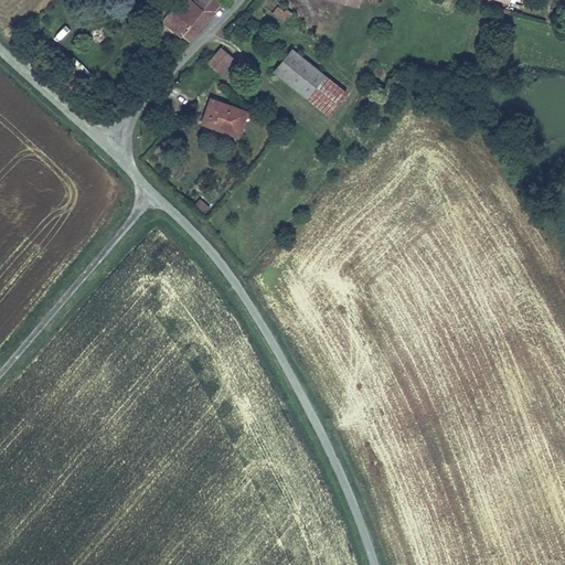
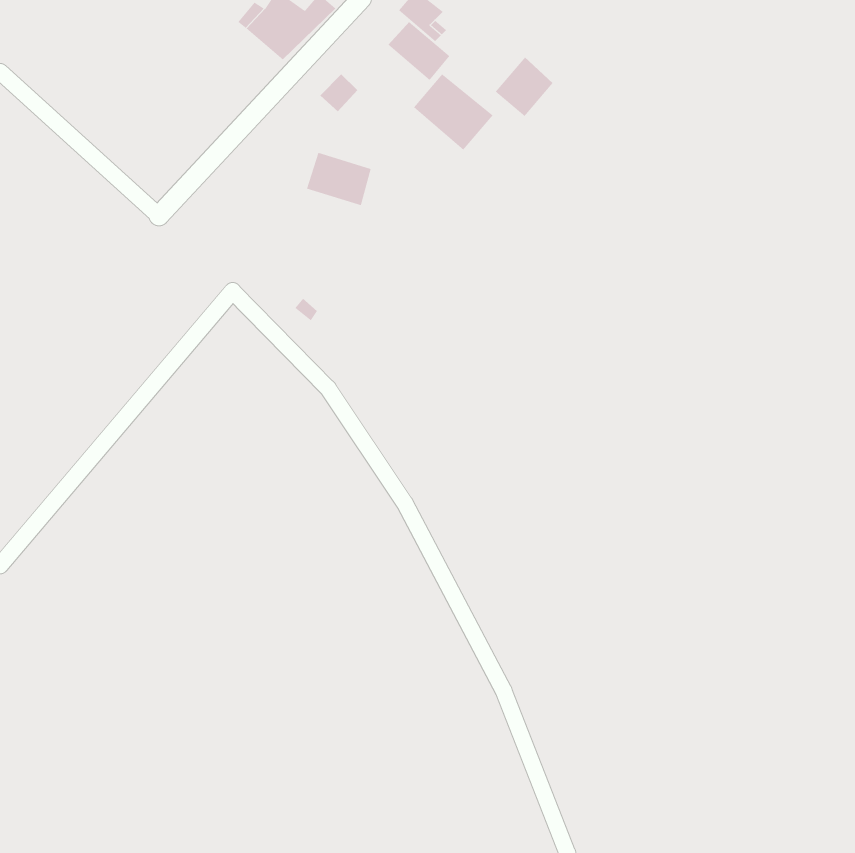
building: none -> [387,21,450,81]
building: [306,76,344,116] -> [495,56,553,117]

